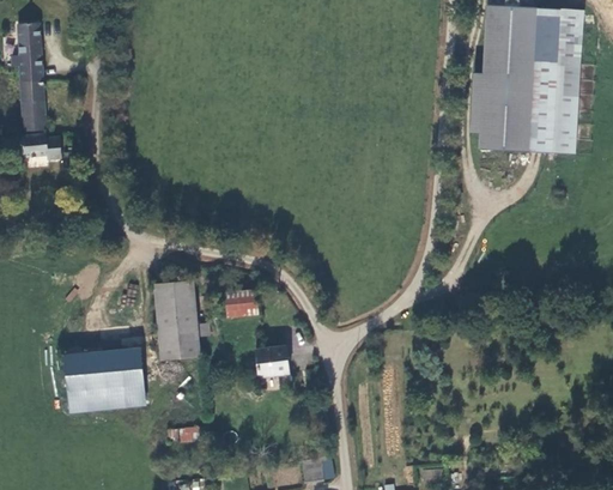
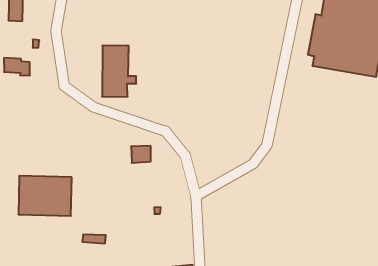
building: [23,133,63,157] -> [4,58,30,75]
building: [154,280,210,358] -> [102,45,136,97]
building: [255,344,289,375] -> none

